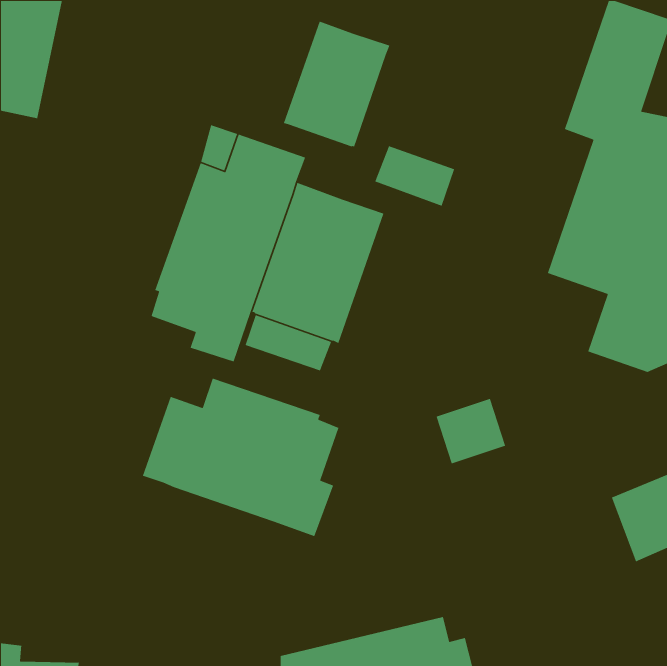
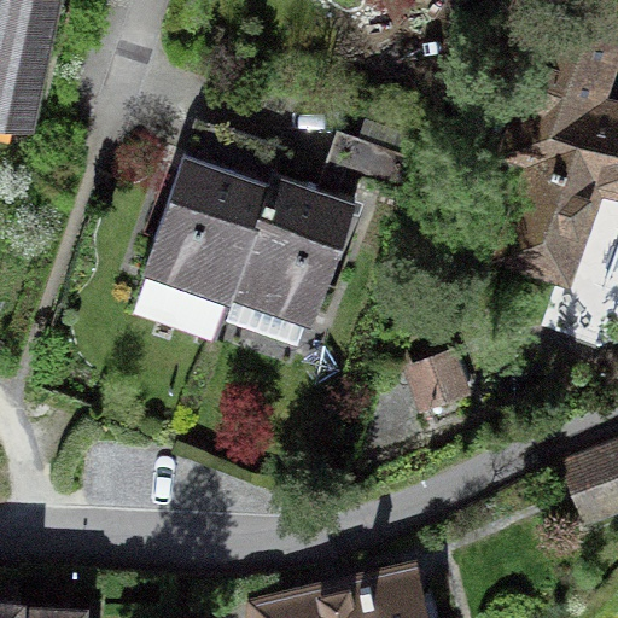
building: [283,21,391,148] -> none
building: [142,377,339,537] -> none

